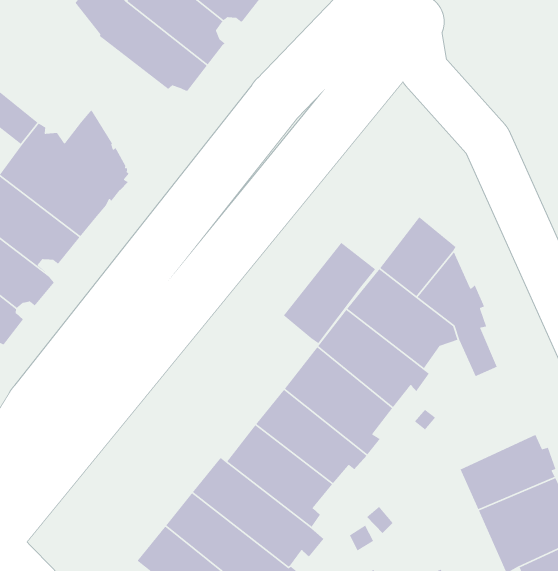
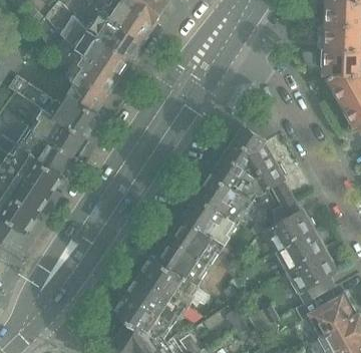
building: none -> [65,50,113,118]
building: [283,242,376,344] -> none
building: none -> [264,201,313,254]

